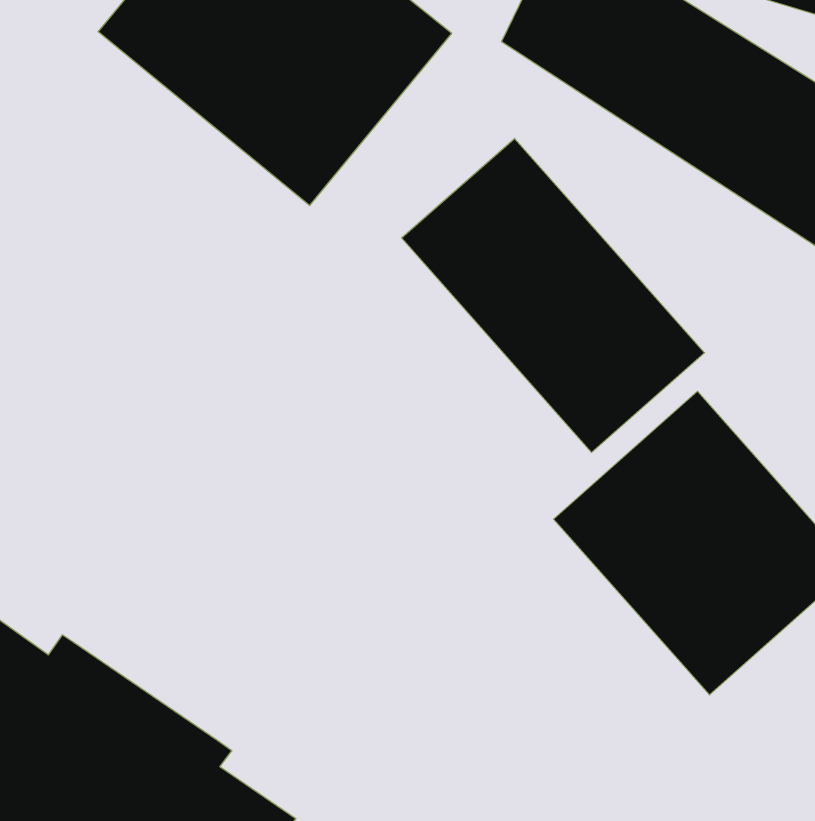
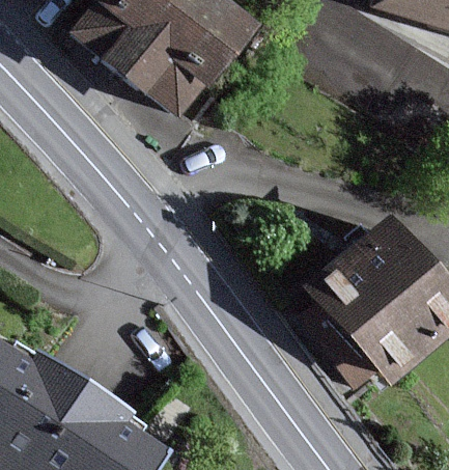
building: [402,138,705,452] -> none

